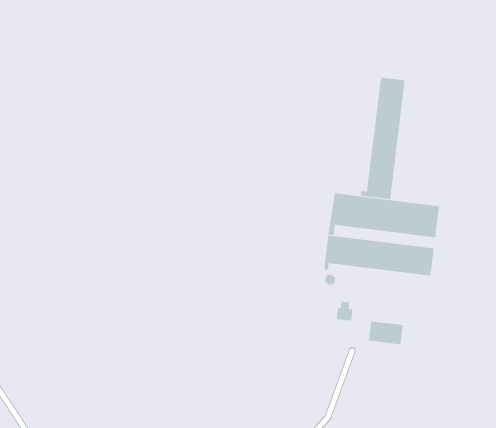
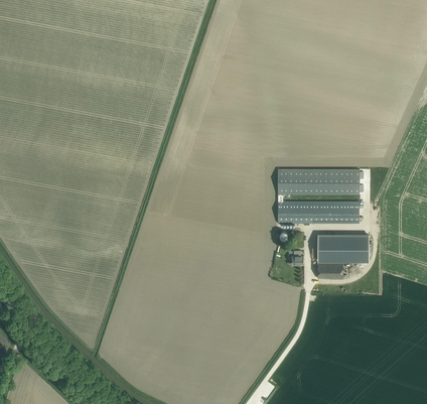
building: [360,77,405,200] -> none
building: none -> [318,234,360,260]

